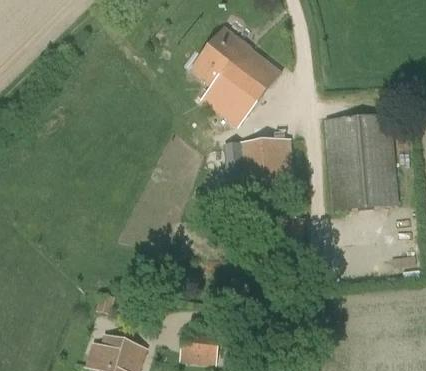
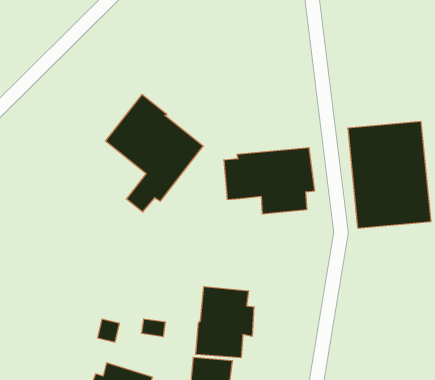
building: [191,25,280,132] -> [106,95,203,212]
building: none -> [196,286,254,358]

